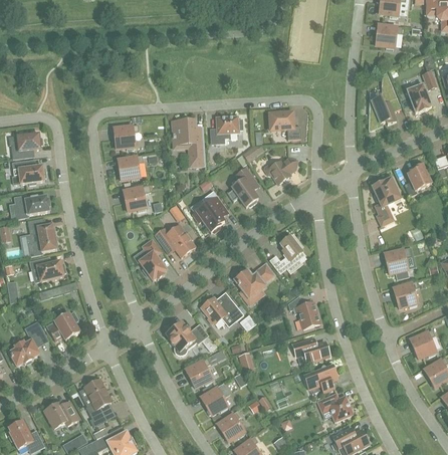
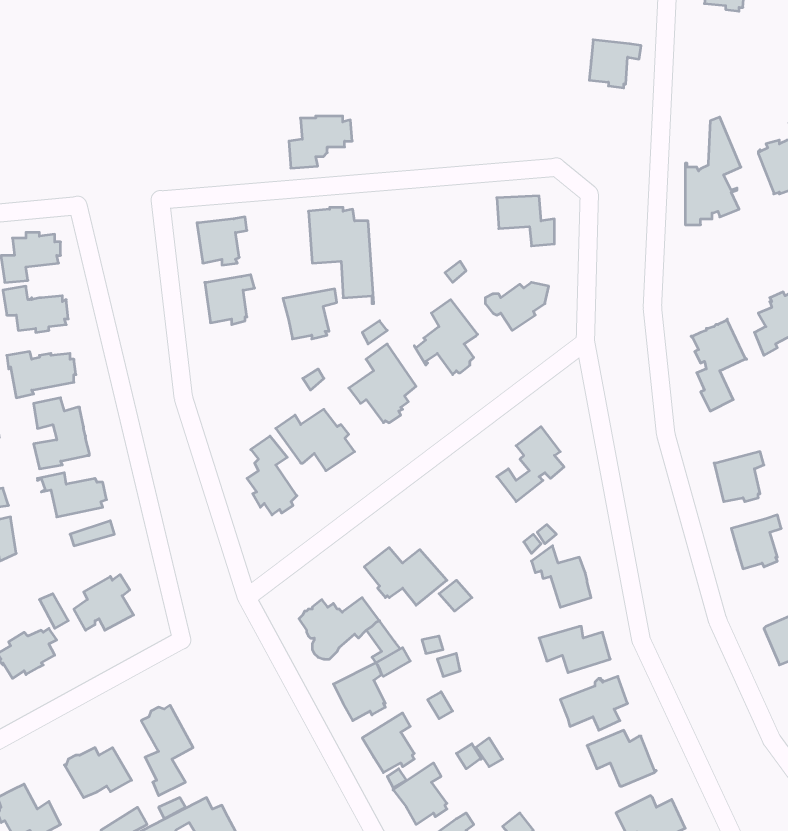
building: [376,23,403,48] -> [589,40,641,88]
building: [210,116,243,143] -> [289,116,352,168]
building: [123,184,151,210] -> [283,289,337,339]
building: [235,263,274,303] -> none

